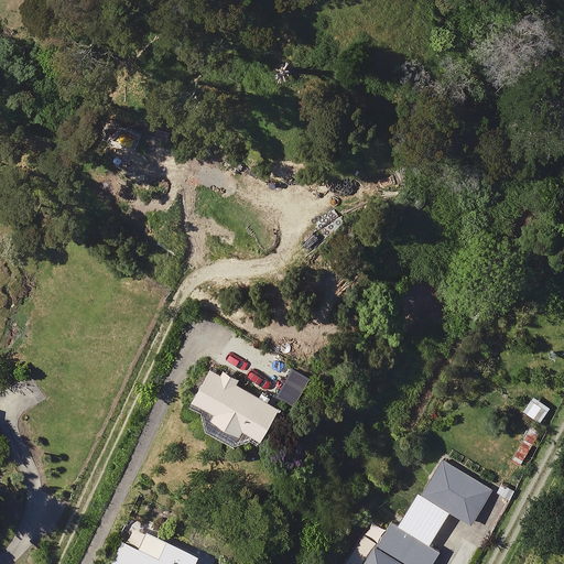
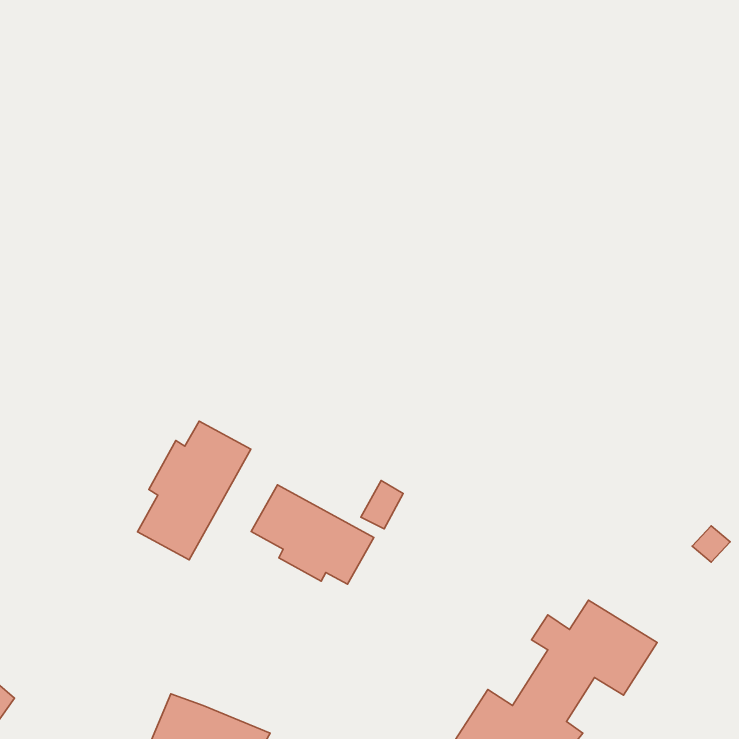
building: none -> [137,421,251,560]

